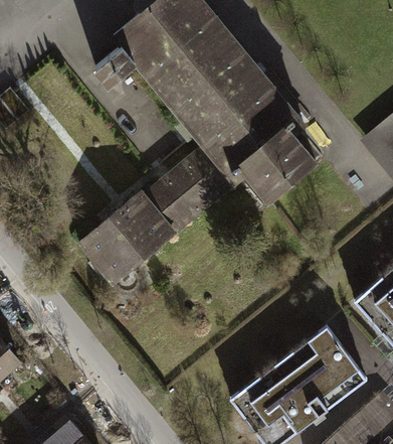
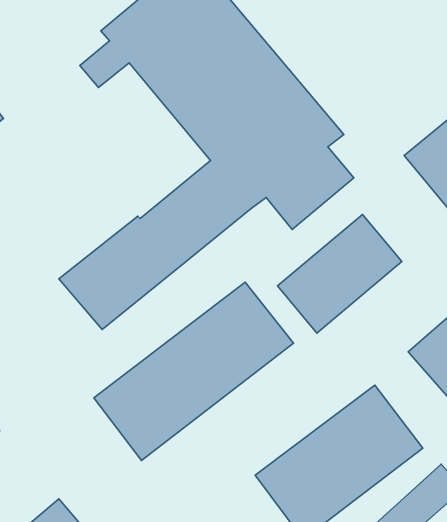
building: none -> [278,215,402,333]
building: none -> [94,282,293,460]

